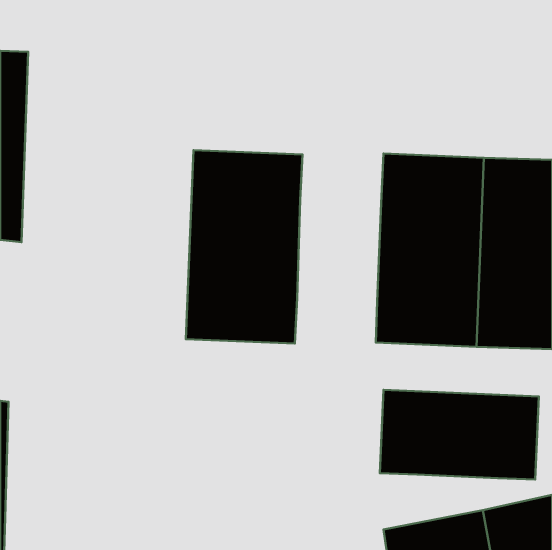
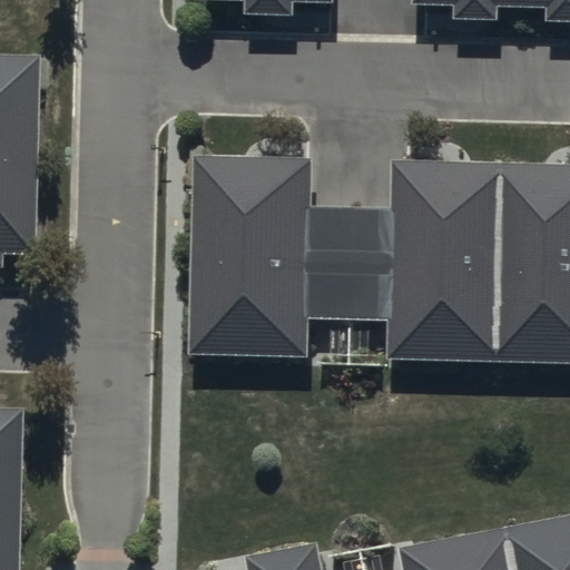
building: none -> [306,208,393,313]
building: [380,390,539,480] -> none

